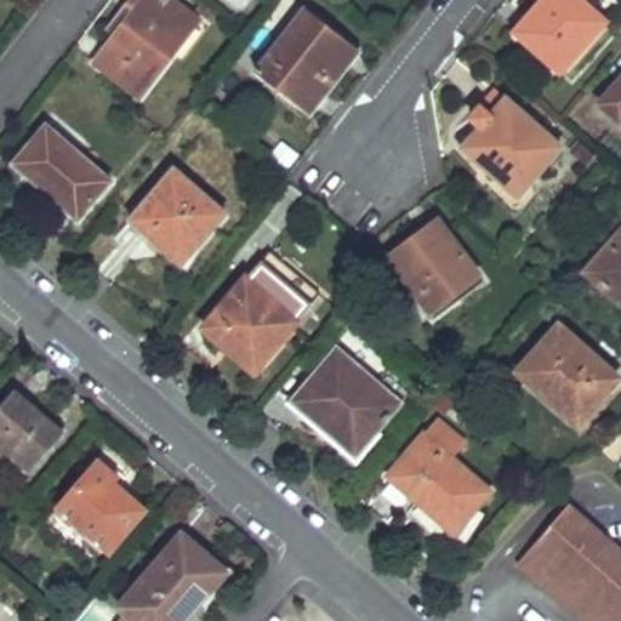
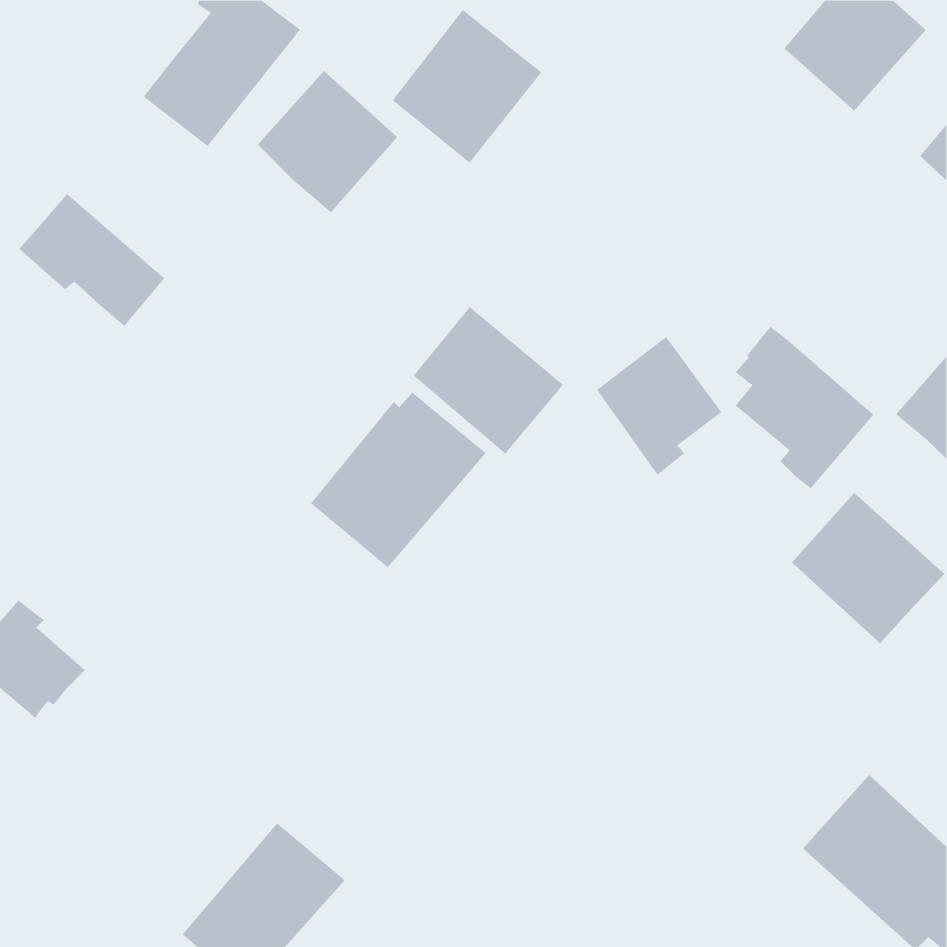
building: [468,90,559,196] -> [735,326,874,489]
building: [131,171,223,264] -> [257,70,398,213]
building: none -> [413,306,564,454]
building: [292,347,400,454] -> none
building: [387,420,490,534] -> none
building: [56,460,146,554] -> none

